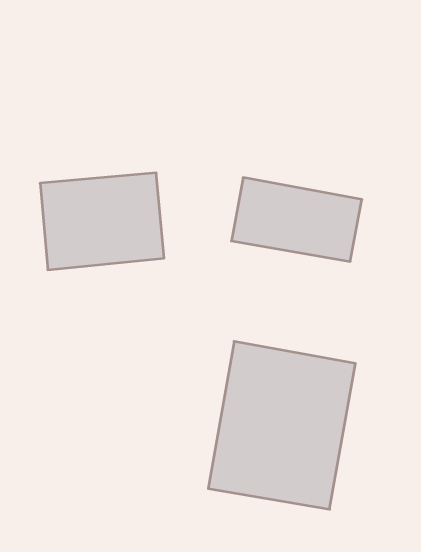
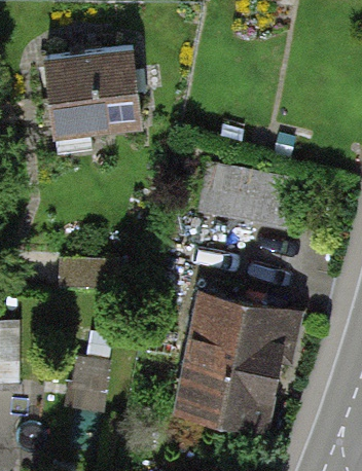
building: [40,173,164,270] -> [36,53,135,131]

